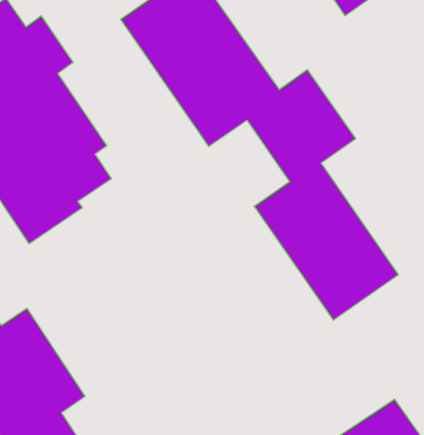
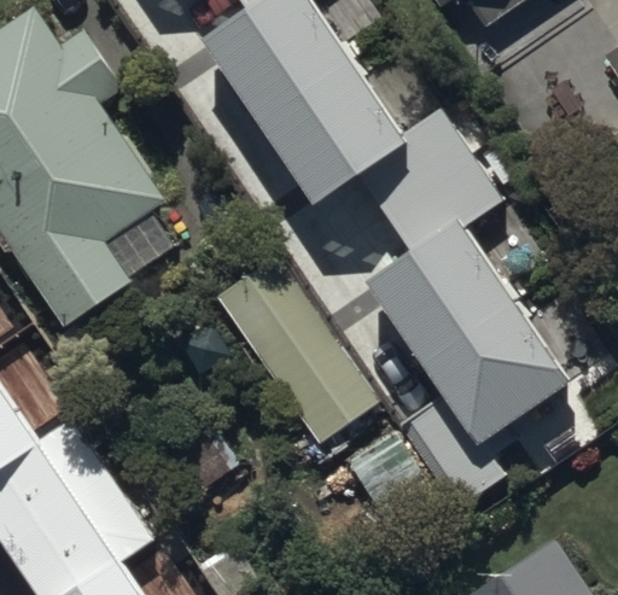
building: none -> [214,253,380,445]

